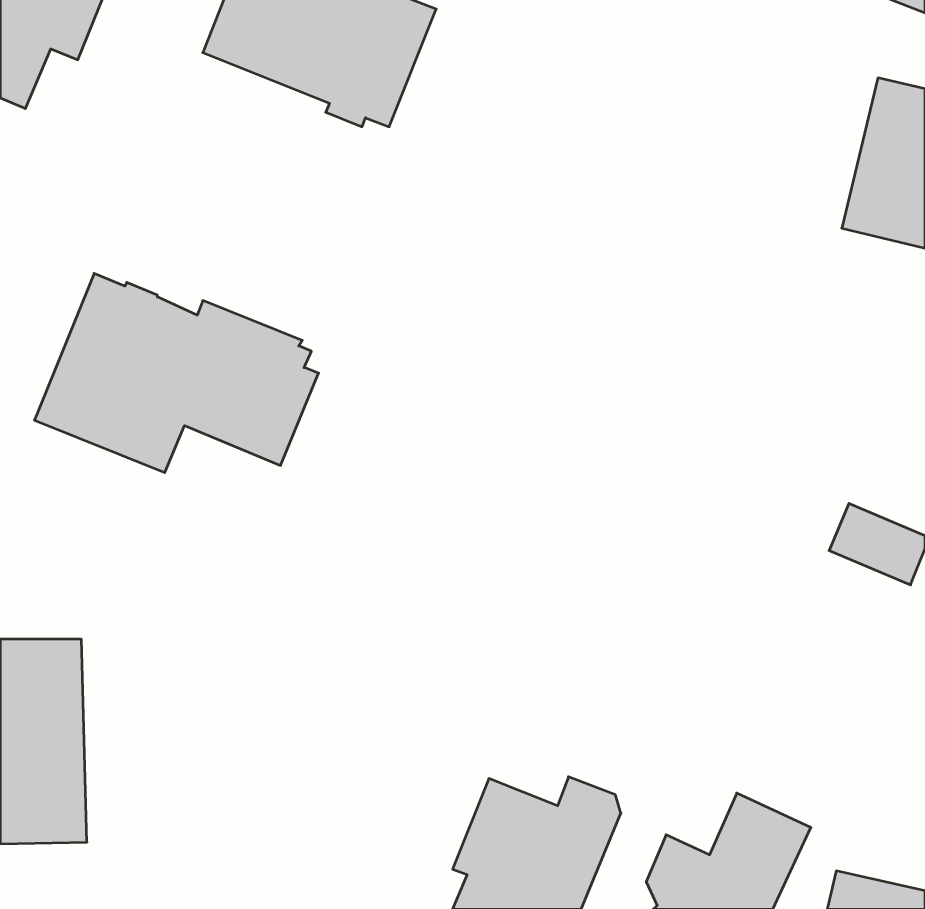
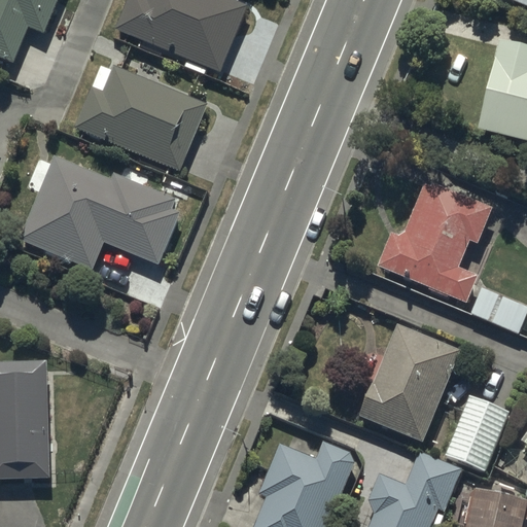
building: none -> [76,62,207,170]
building: none -> [377,182,492,305]
building: none -> [357,326,461,445]
building: none -> [445,392,510,470]

